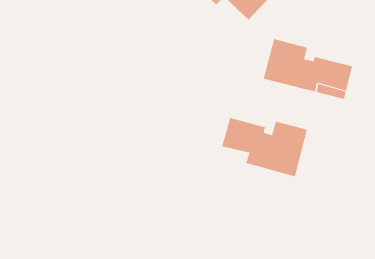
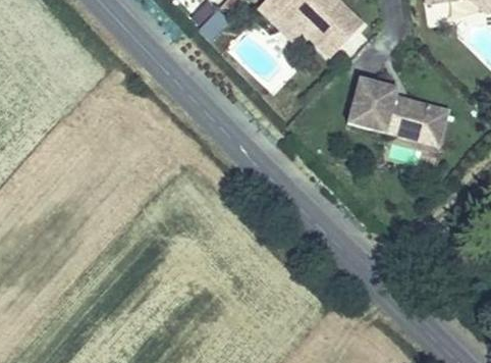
building: [222,117,308,177] -> none

